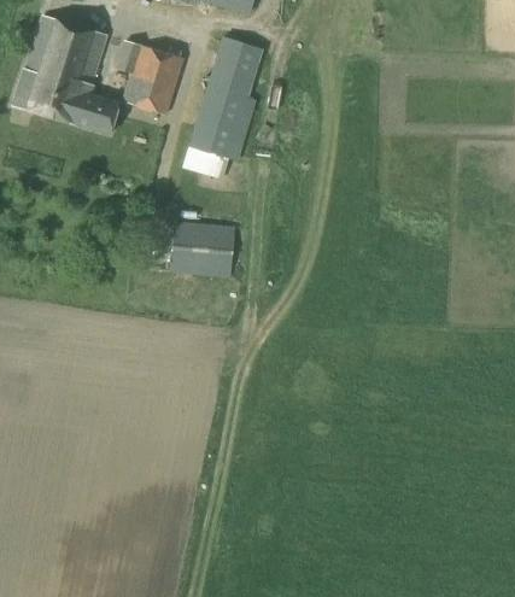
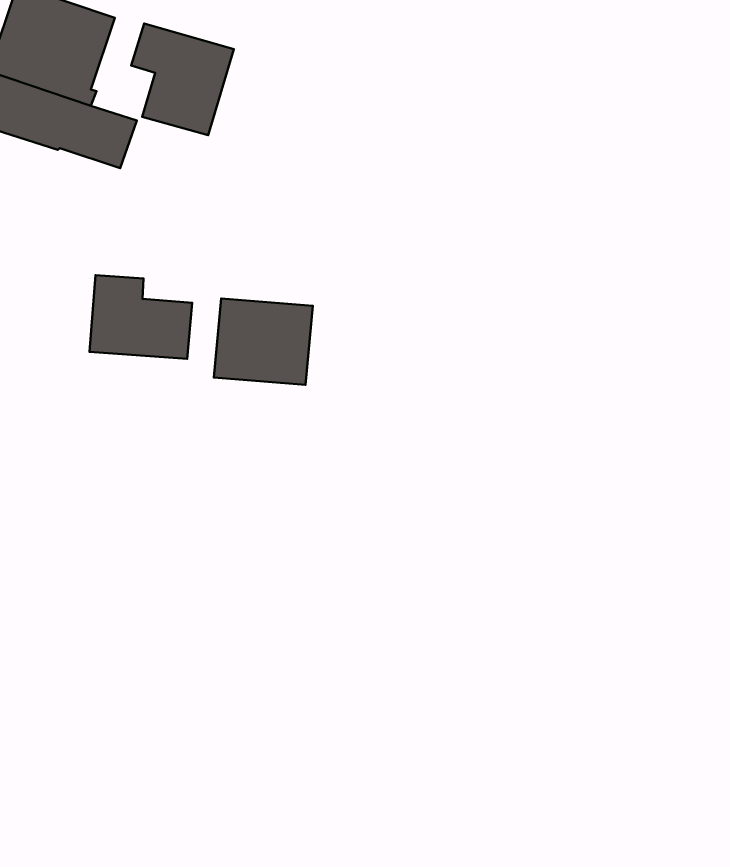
building: [182,36,263,178] -> none
building: none -> [89,275,192,359]

